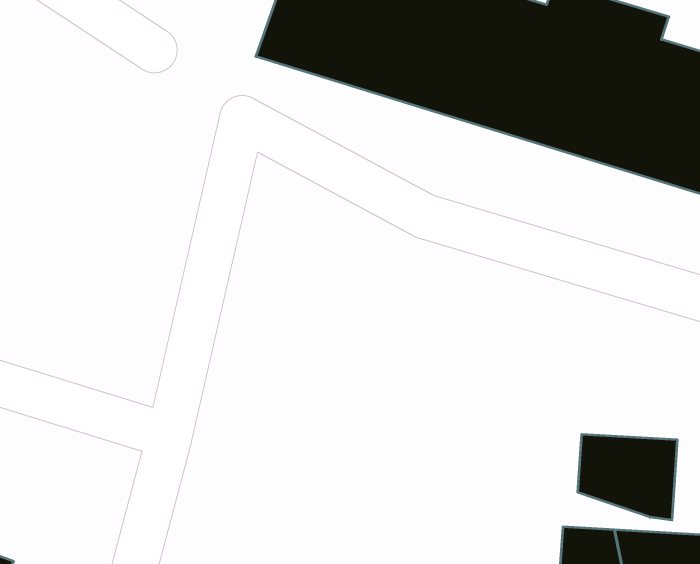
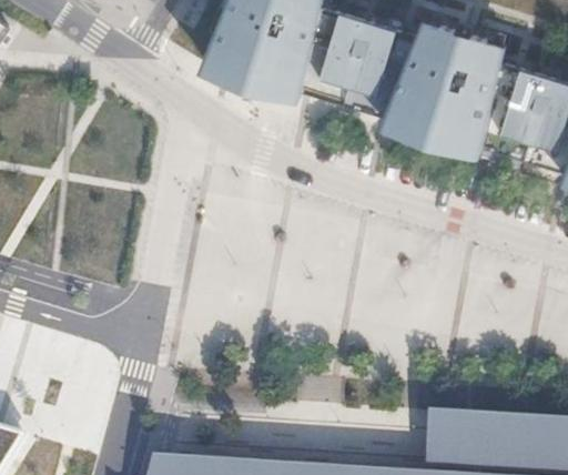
building: [578,434,677,520] -> none

